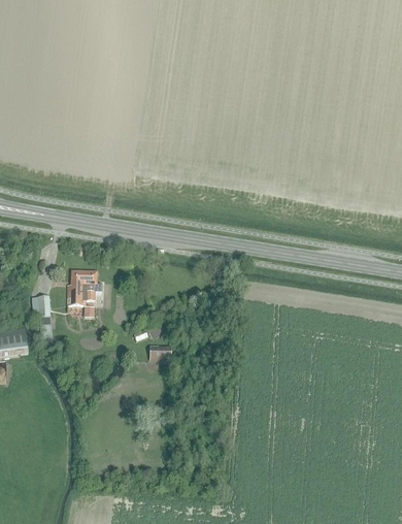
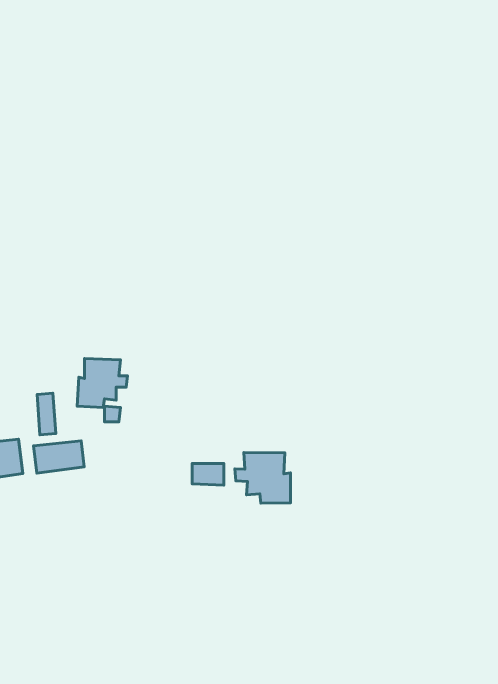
building: none -> [34,441,84,473]
building: none -> [235,453,290,503]

